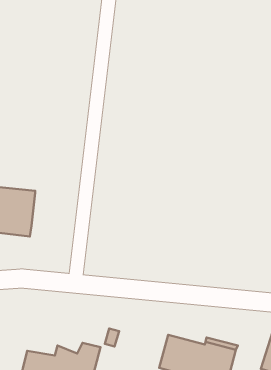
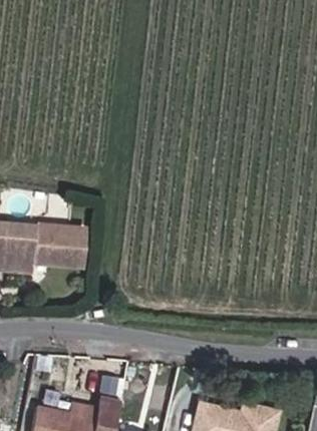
building: none -> [45,230,92,271]

